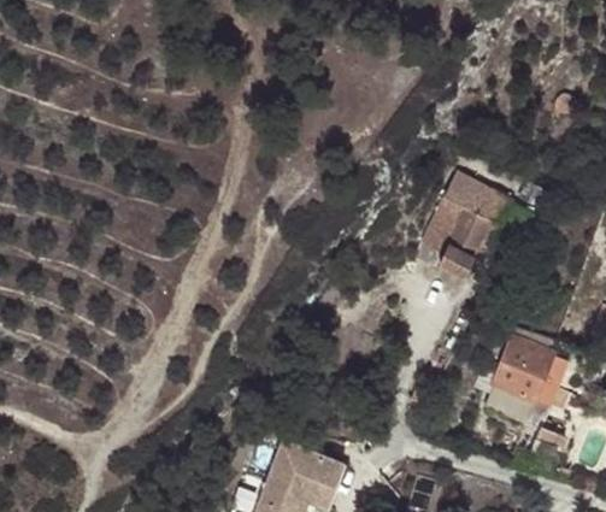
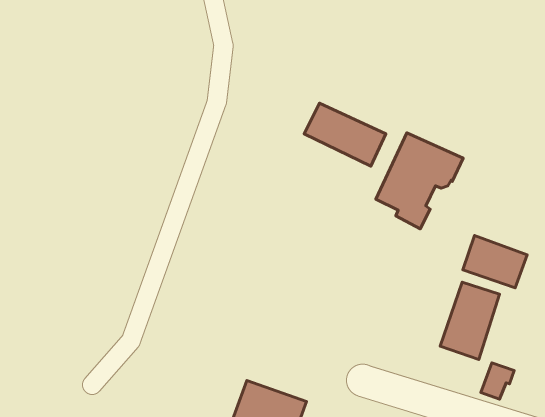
building: none -> [304,103,386,166]
building: none -> [463,236,527,288]

